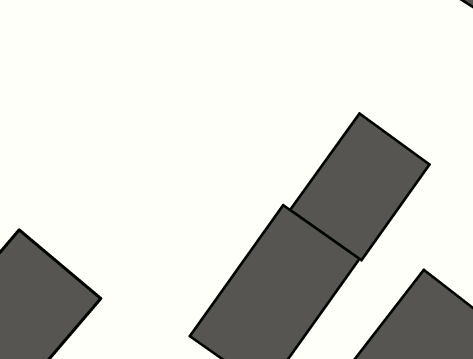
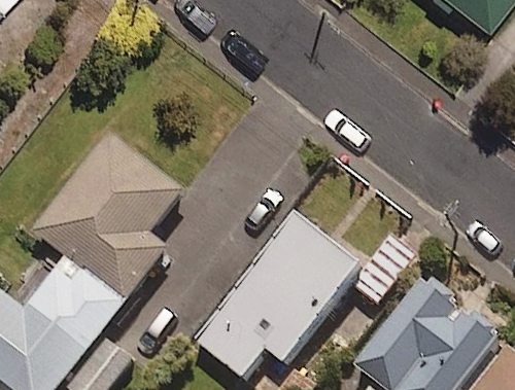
building: [290,113,430,260] -> none
building: none -> [40,137,186,288]

